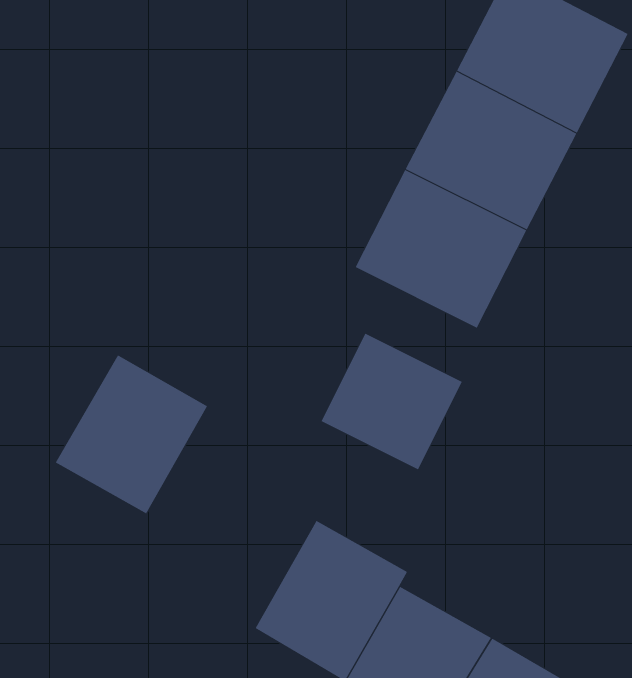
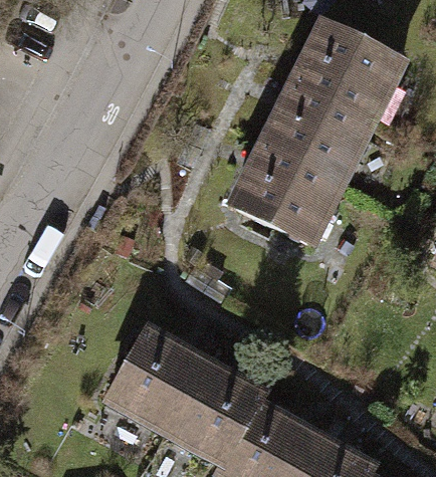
building: [321,333,462,470] -> none
building: [55,355,208,514] -> [110,330,205,430]

